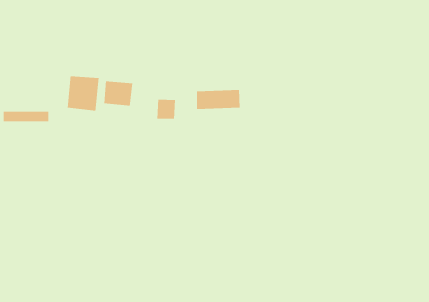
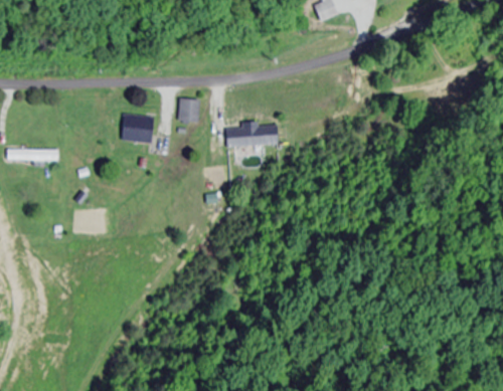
building: [67,76,99,111] -> none
building: [157,99,176,119] -> [178,99,200,122]

